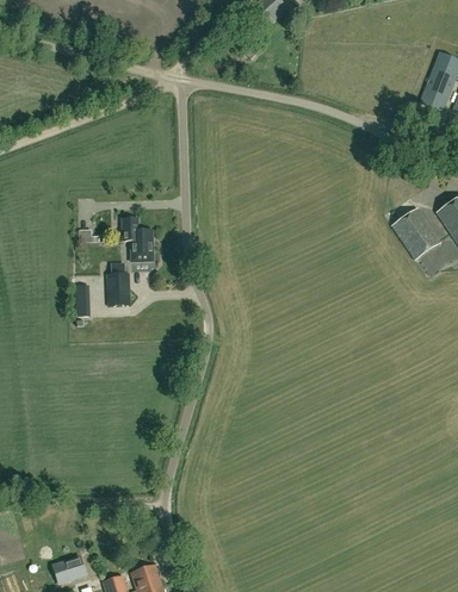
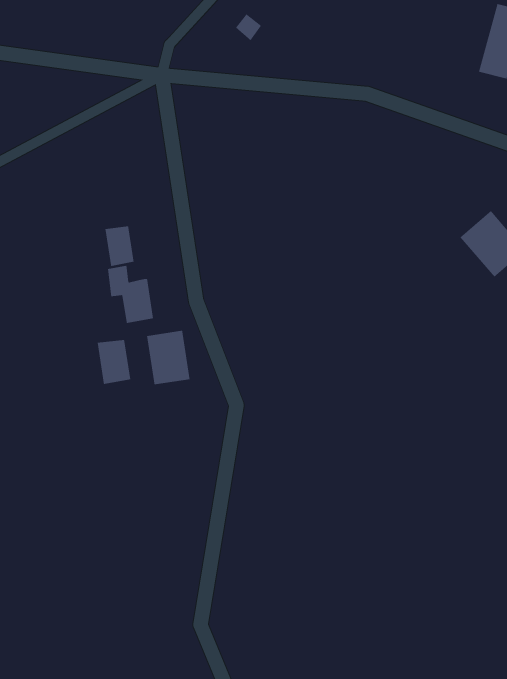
building: none -> [105,225,134,267]
building: none -> [146,330,190,385]

